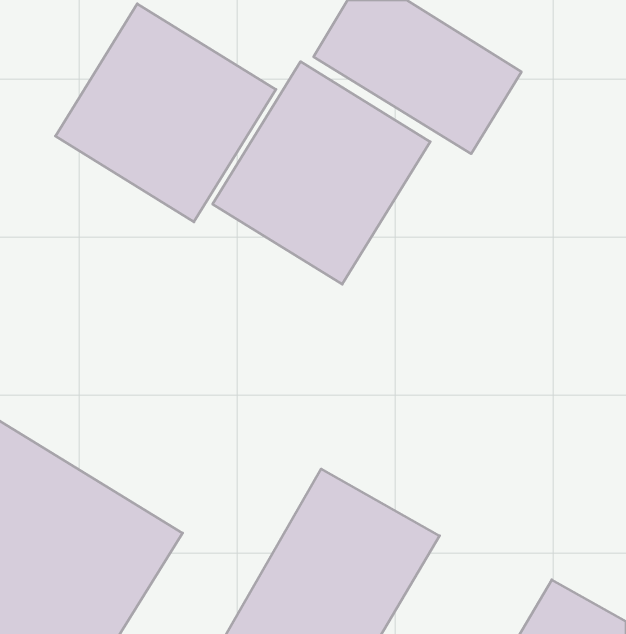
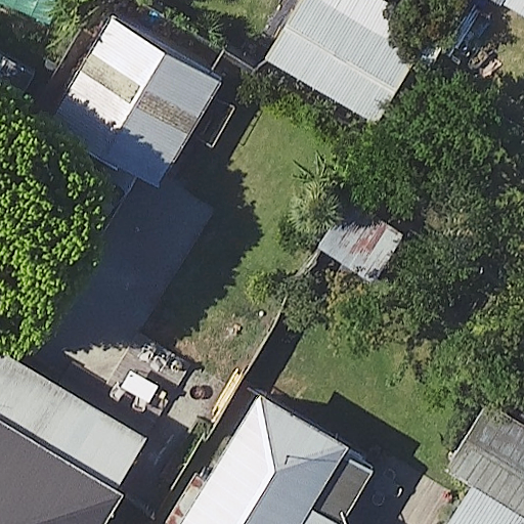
building: [213,62,430,284] -> none

